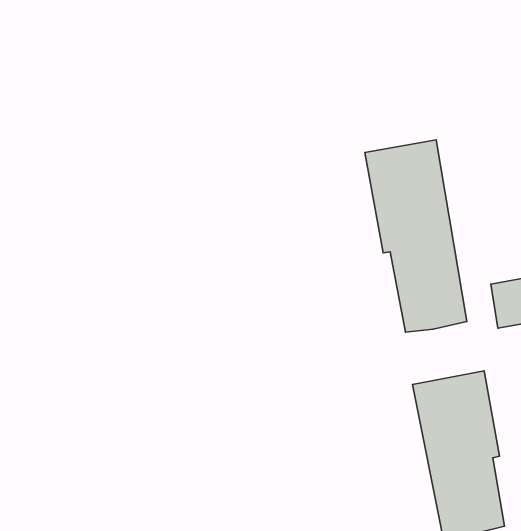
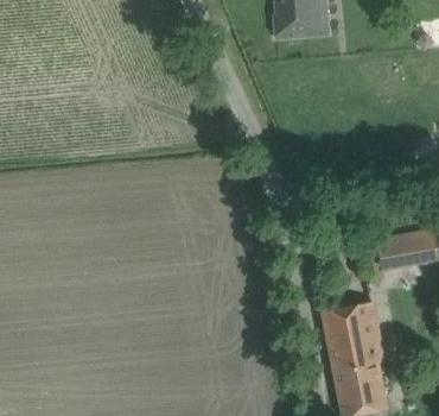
building: [365,140,467,332] -> none

